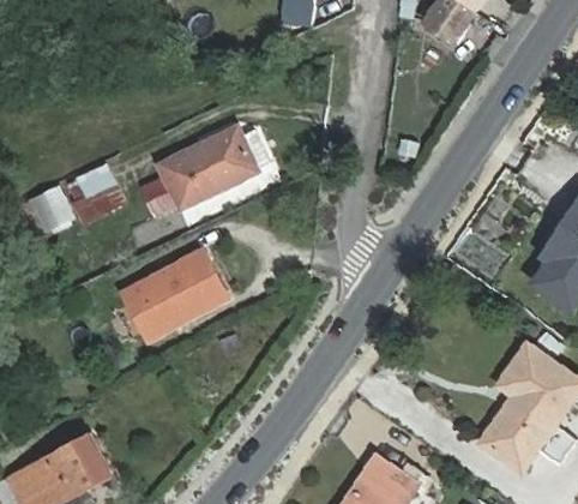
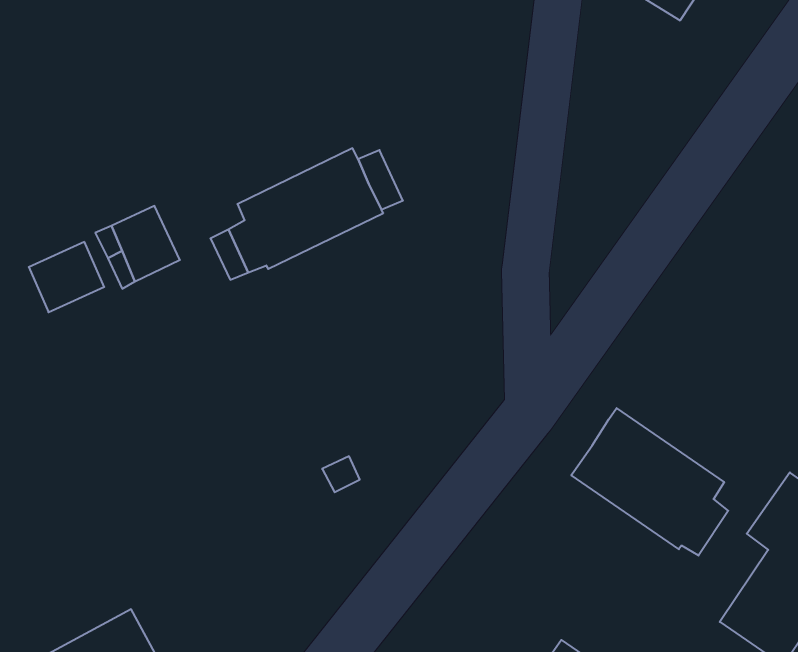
building: [124,251,224,338] -> none
building: none -> [571,408,728,556]

